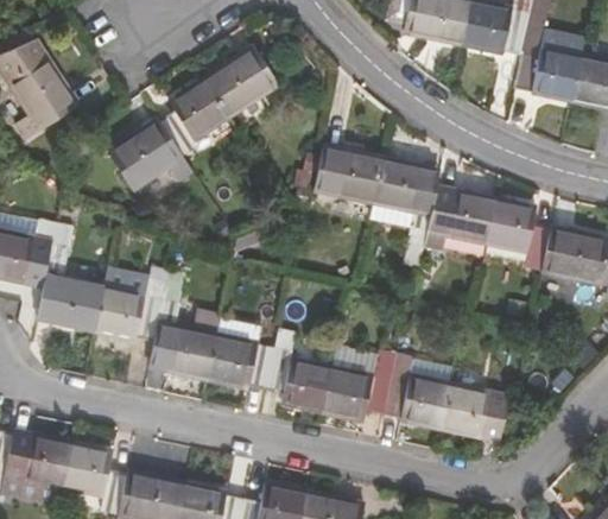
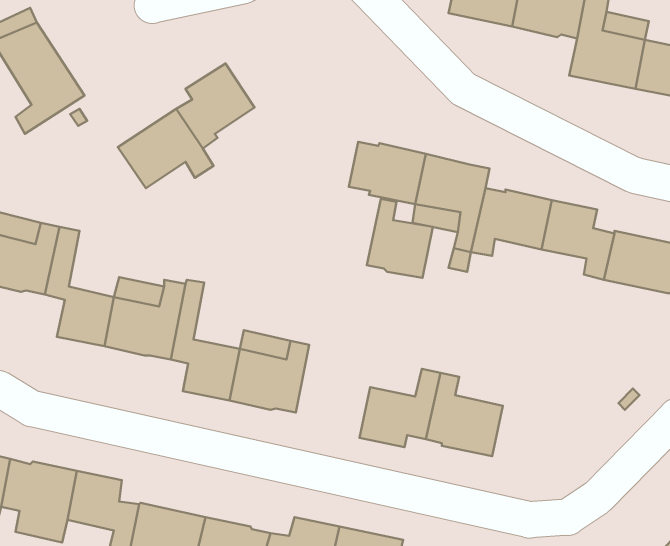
building: [203,45,279,116] -> none
building: none -> [367,199,433,278]
building: [266,329,332,412] -> none
building: [442,384,508,437] -> none

